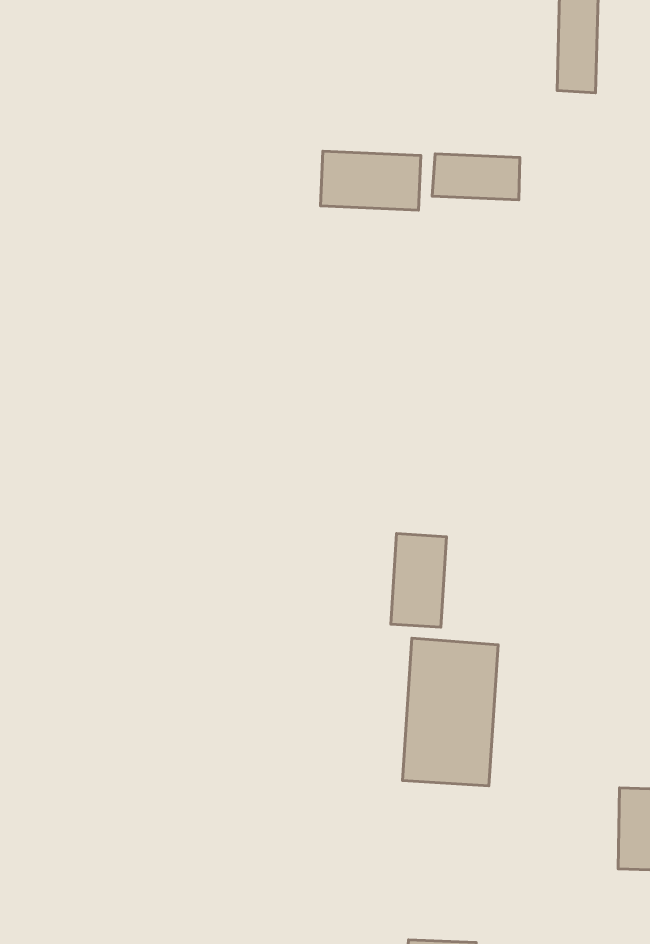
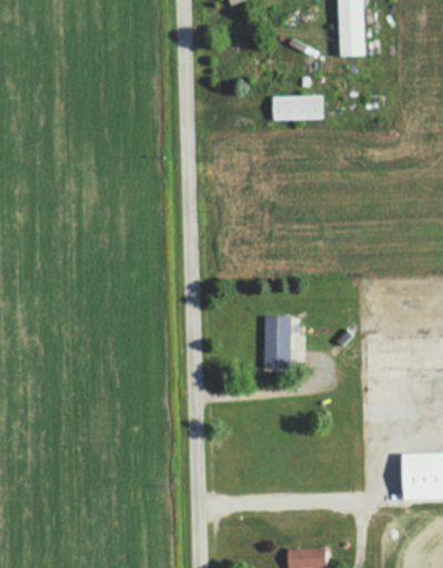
building: [320,151,421,210] -> none
building: [403,638,498,786] -> none

